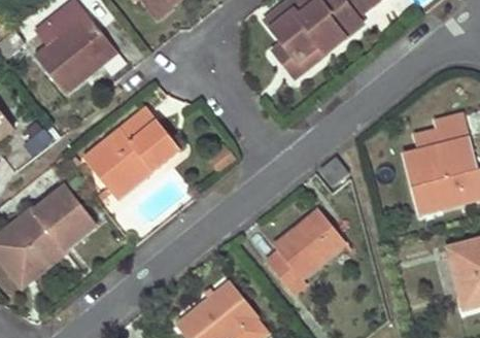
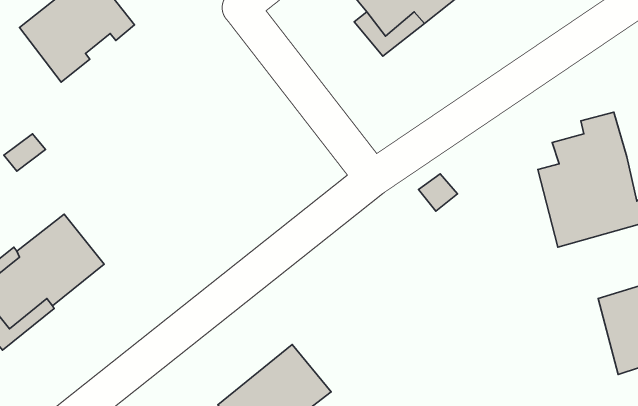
building: [84,107,179,193] -> none
building: [267,211,345,293] -> none

